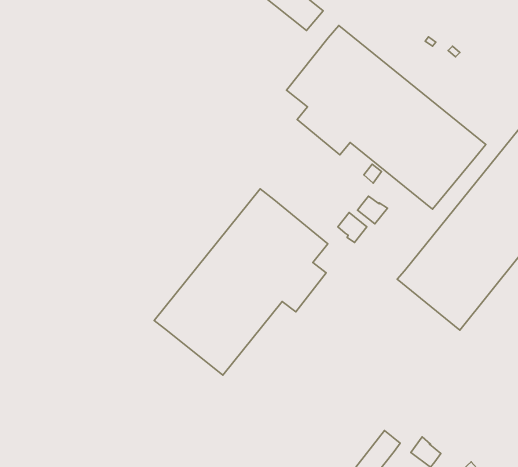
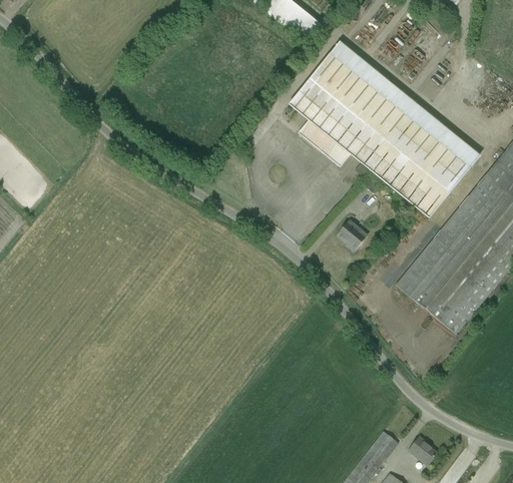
building: [154,189,328,375] -> none
building: [358,196,387,224] -> none

